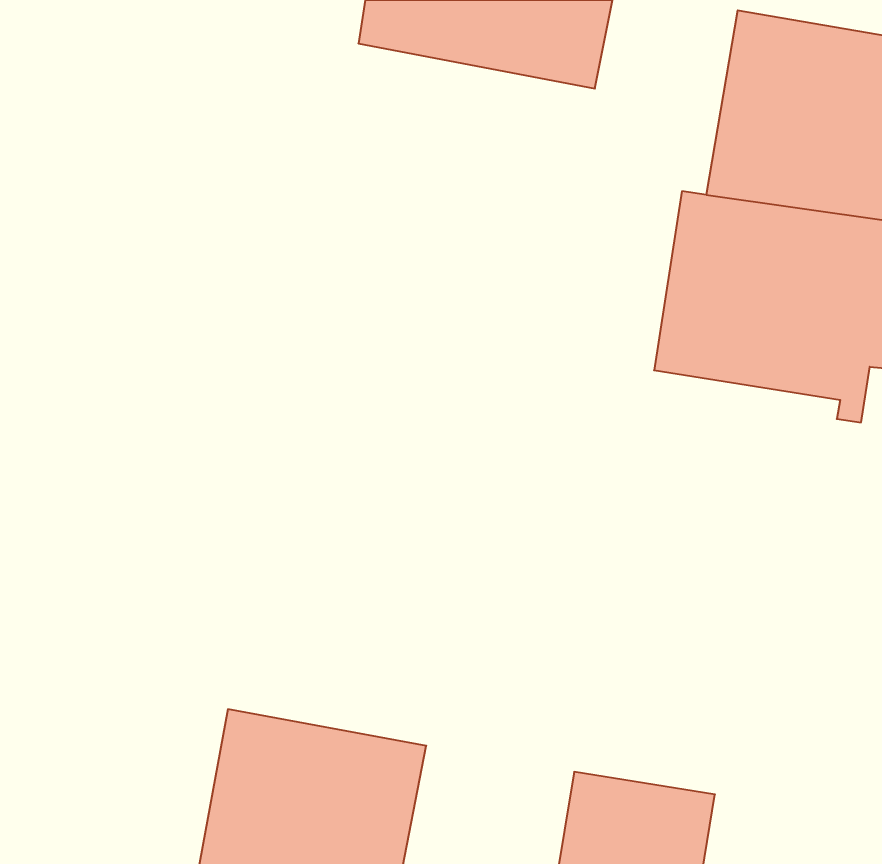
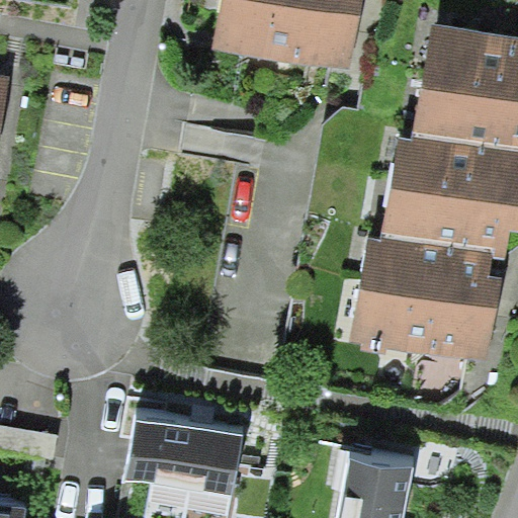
building: none -> [349,227,501,358]

